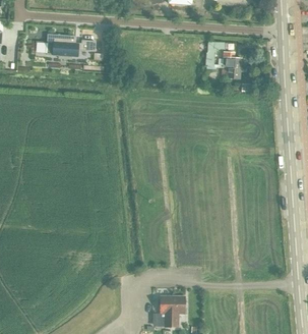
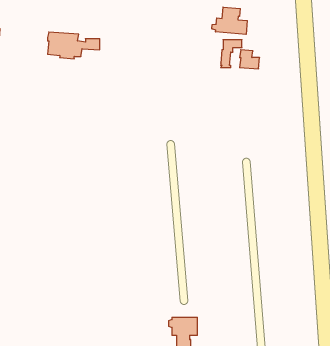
building: none -> [212,7,247,34]

